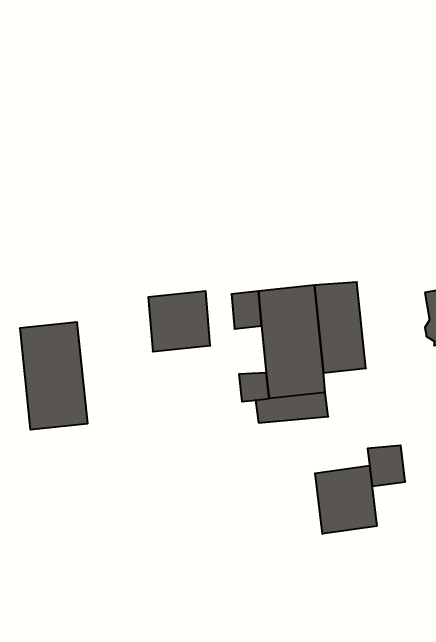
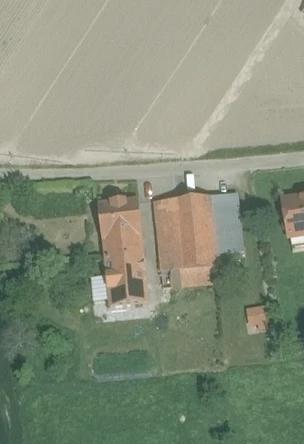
building: [20,322,88,430] -> [103,234,148,305]
building: none -> [157,221,178,253]
building: [315,466,377,534] -> none

